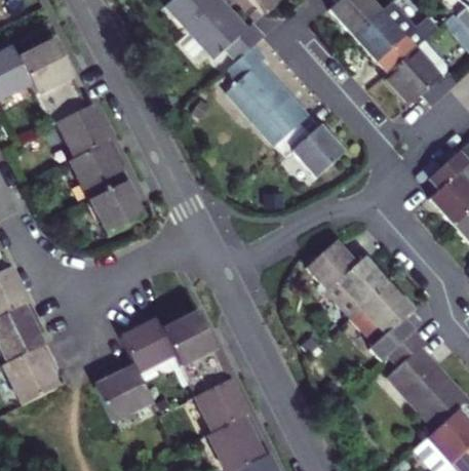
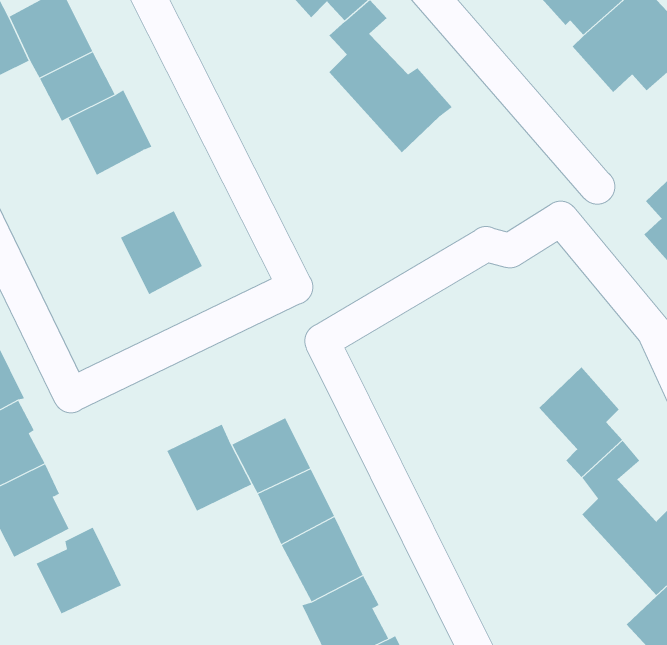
building: [272,120,342,176] -> none
building: [71,142,125,198] -> none
building: [306,239,388,316] -> none
building: [95,360,151,417] -> [36,527,122,614]

